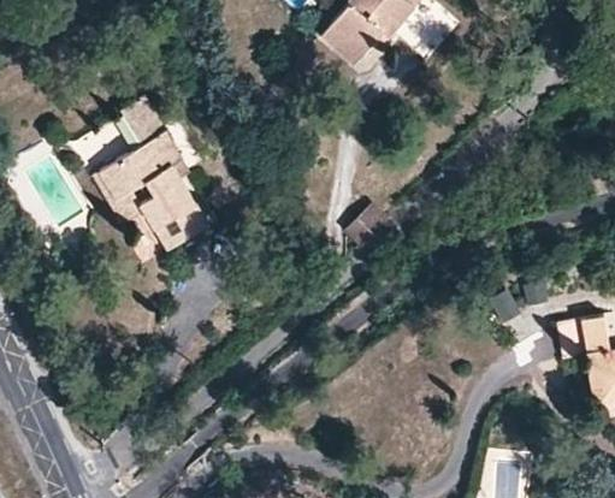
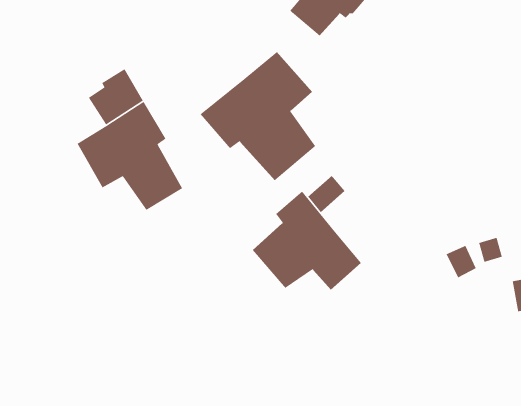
building: none -> [199,51,316,181]
building: none -> [252,190,362,291]

